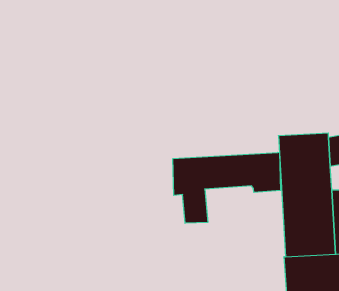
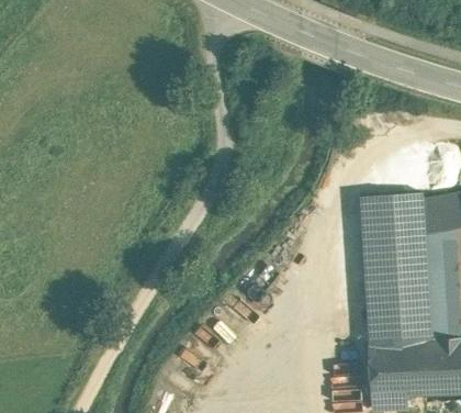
building: [173,152,281,223] -> none

